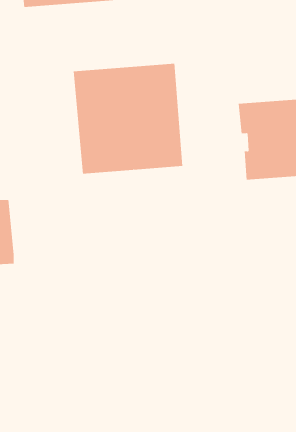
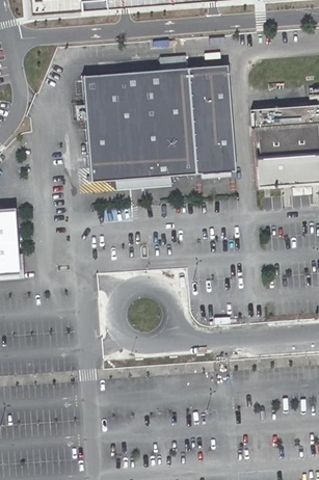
building: none -> [186,65,236,175]

